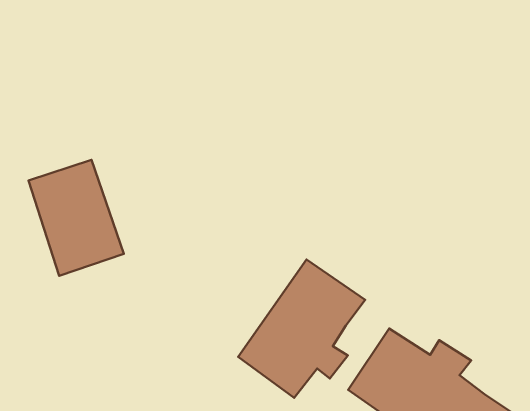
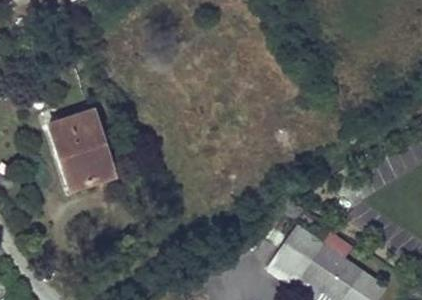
building: [238,259,365,398] -> none

